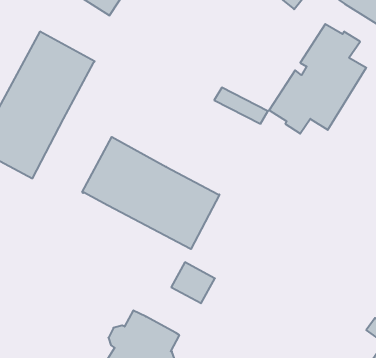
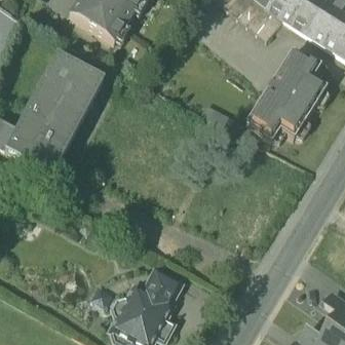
building: [82,137,219,249] -> none
building: [171,262,215,303] -> [144,271,180,305]

